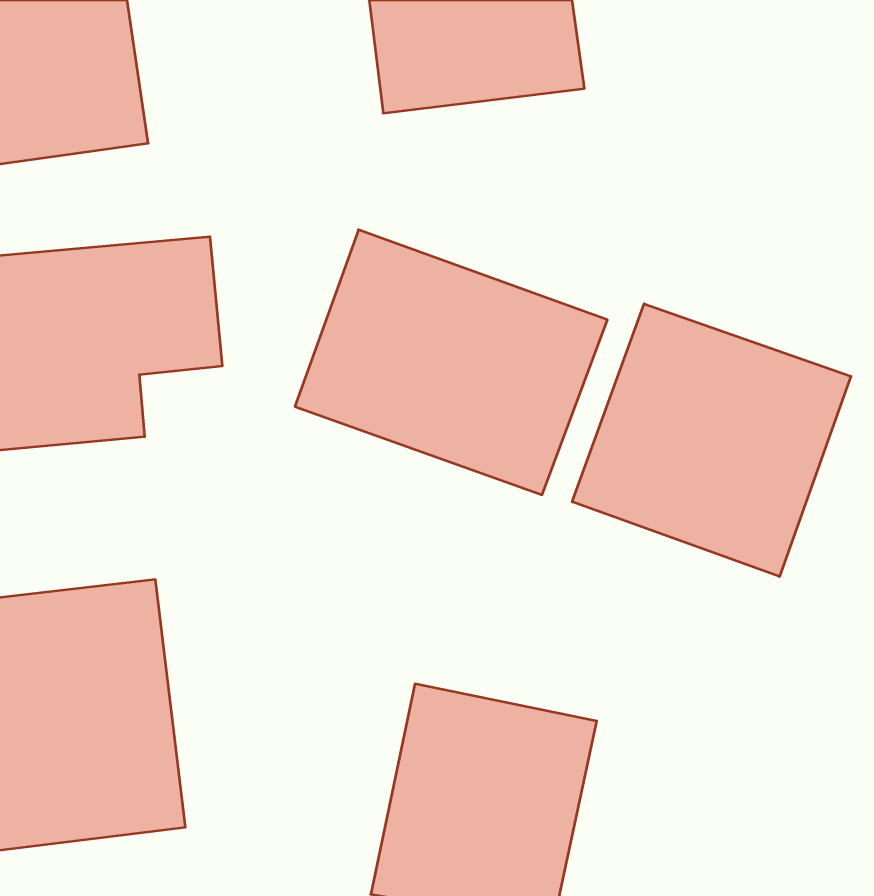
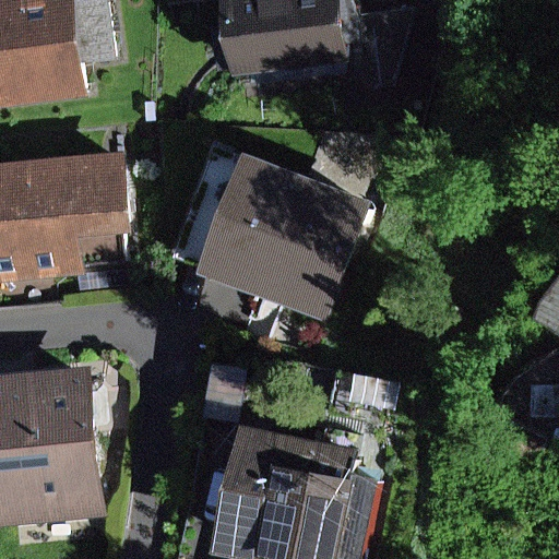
building: [572,304,851,577] -> none

